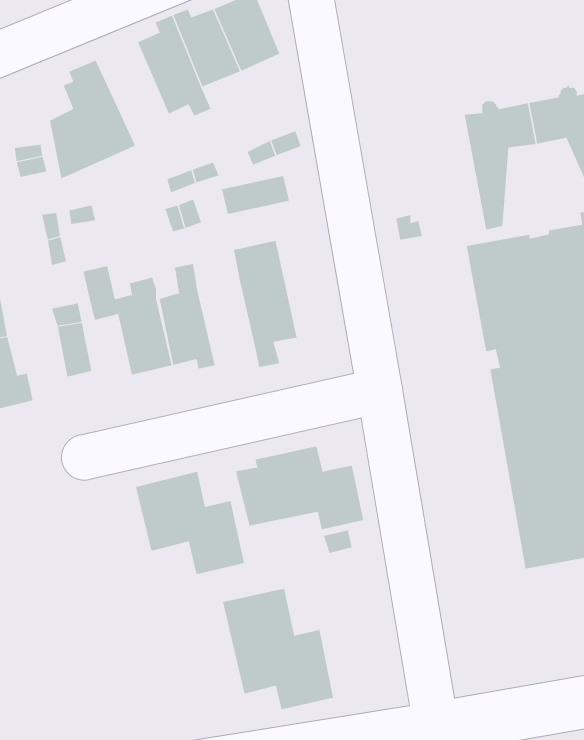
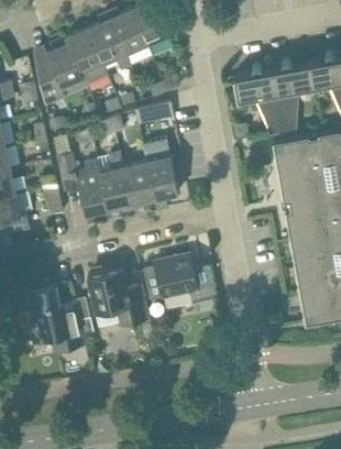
building: none -> [65,29,108,86]
building: none -> [234,67,284,136]
building: none -> [122,162,154,210]
building: [222,588,334,710] -> [21,285,84,353]

